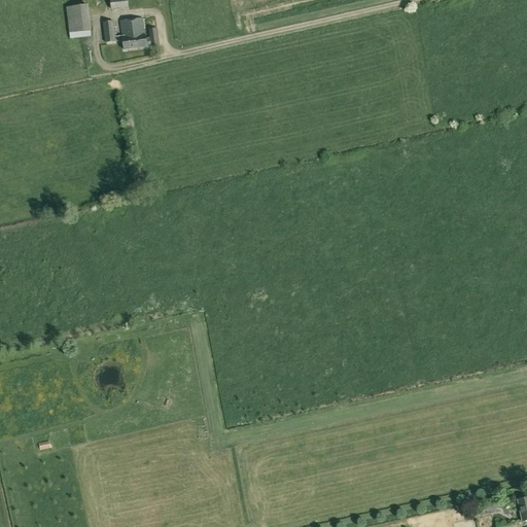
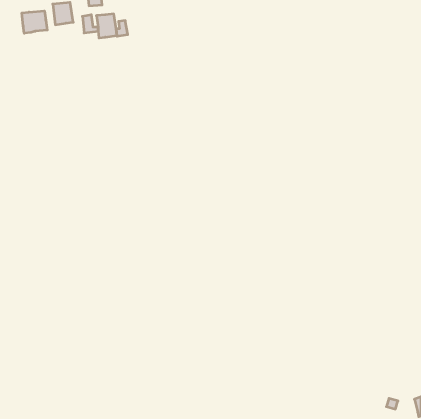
building: none -> [22,11,47,33]

